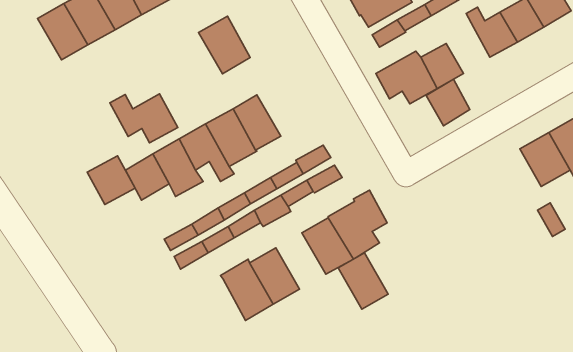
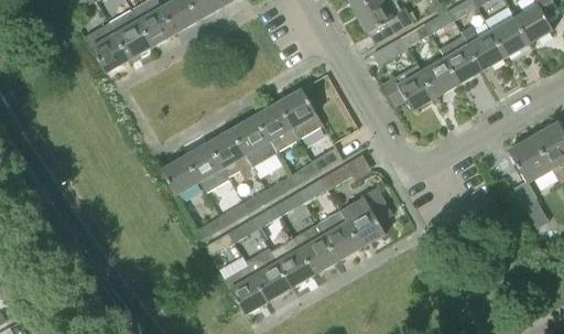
building: [199,16,250,74] -> [276,88,322,139]
building: [426,79,470,126] -> [443,43,481,84]
building: [110,94,178,143] -> none
building: [87,156,135,205] -> none
building: [338,253,388,309] -> [293,224,337,273]
building: none -> [223,265,267,314]

